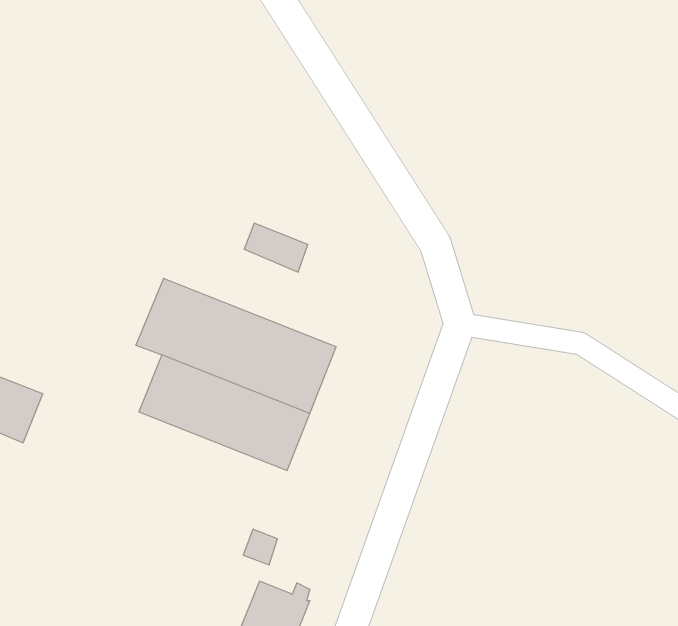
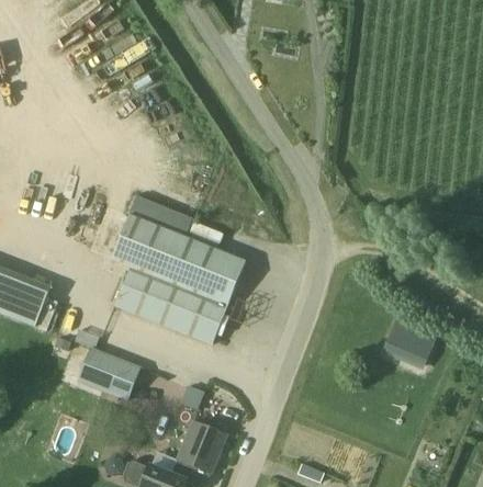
building: [244,223,308,272] -> [150,203,193,236]
building: none -> [382,314,439,367]
building: none -> [78,346,143,400]

